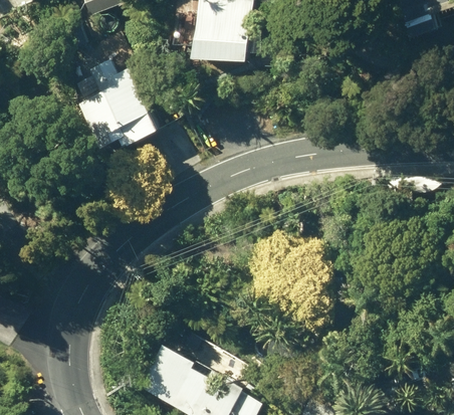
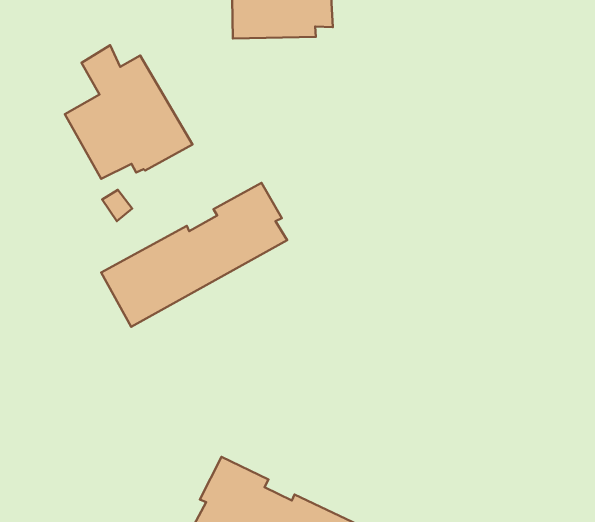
building: none -> [101,183,287,327]

